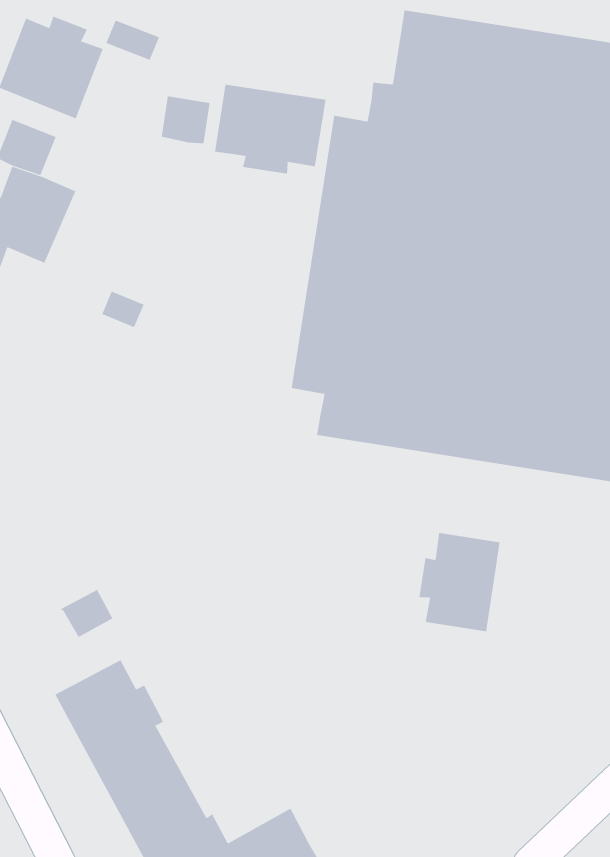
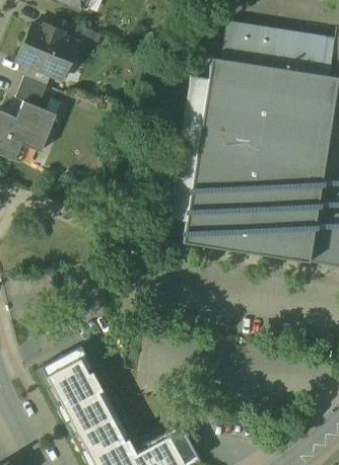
building: [215,84,326,174] -> none
building: [161,95,210,144] -> none
building: [419,532,500,632] -> none

